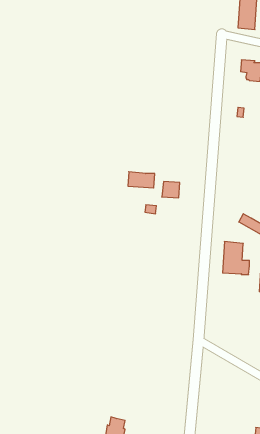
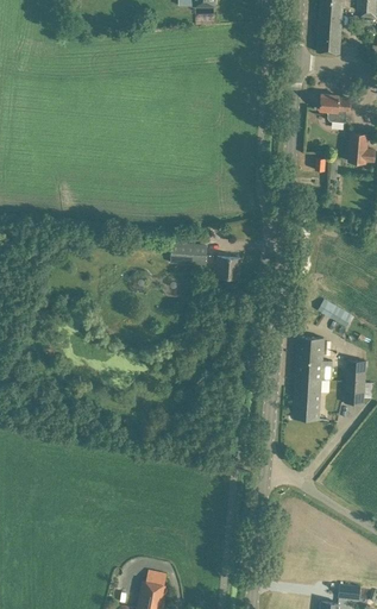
building: none -> [295,378,322,420]

